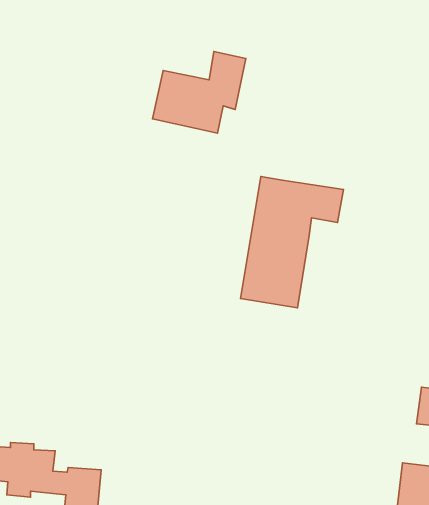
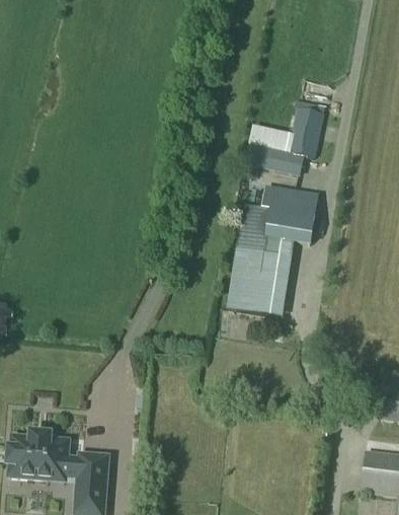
building: [152,51,246,133] -> [245,107,325,177]
building: none -> [263,186,319,215]

